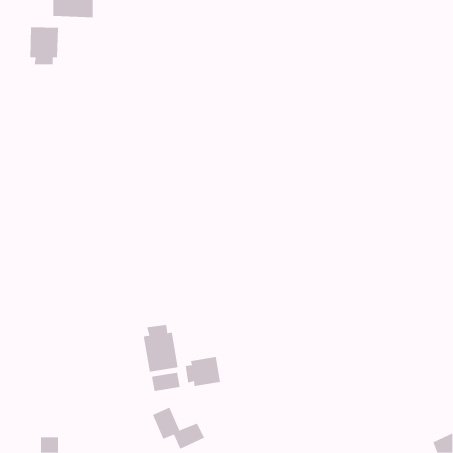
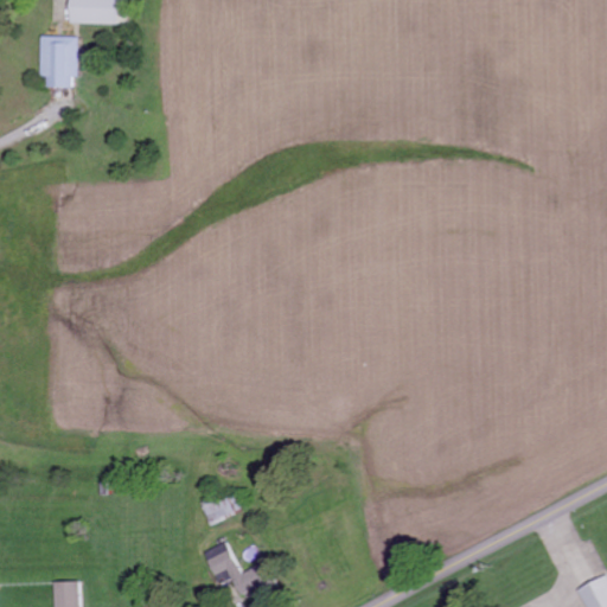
building: [143,324,178,373] -> none
building: [185,356,220,387] -> none

